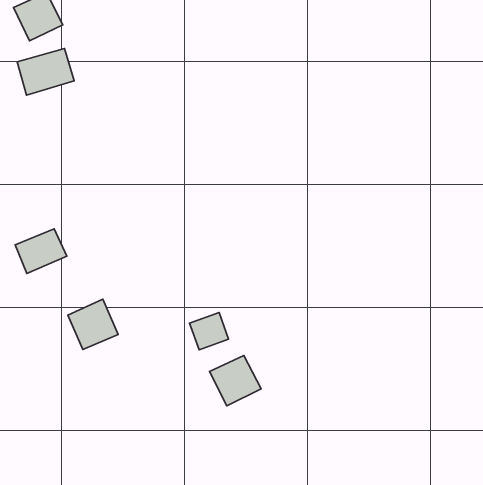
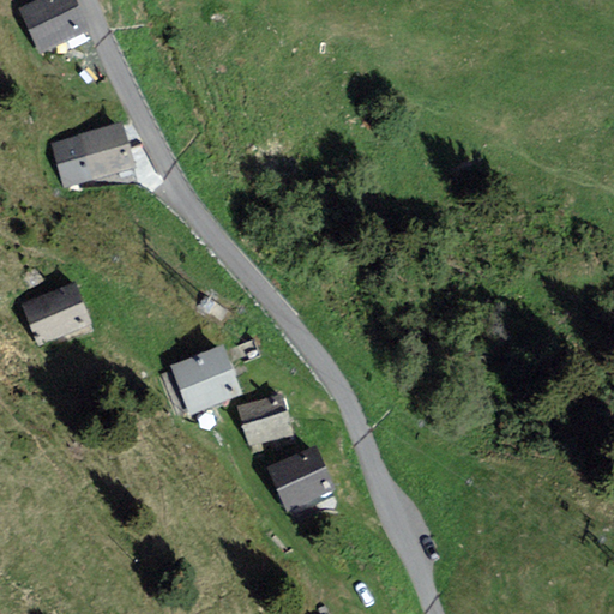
building: [17,49,74,95] -> [56,128,128,187]
building: [68,299,118,350] -> [171,345,235,409]

